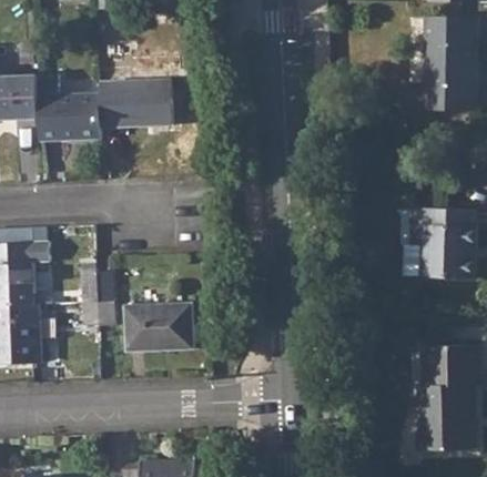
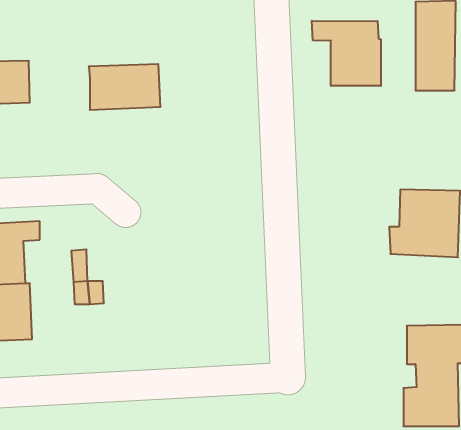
building: none -> [312,21,381,86]
building: [37,75,100,140] -> none
building: [124,304,192,351] -> none

